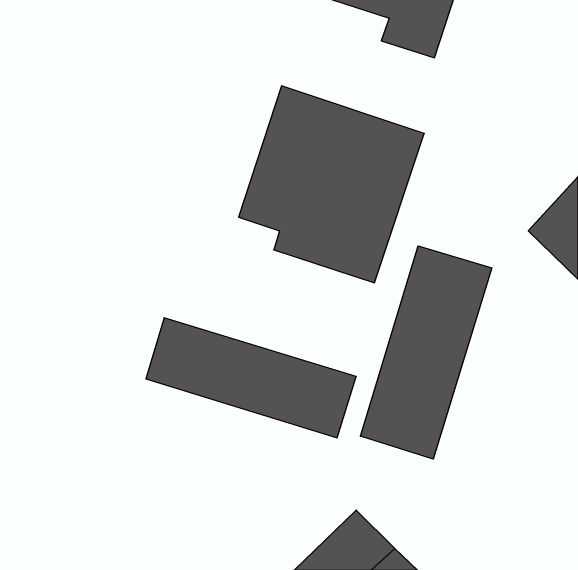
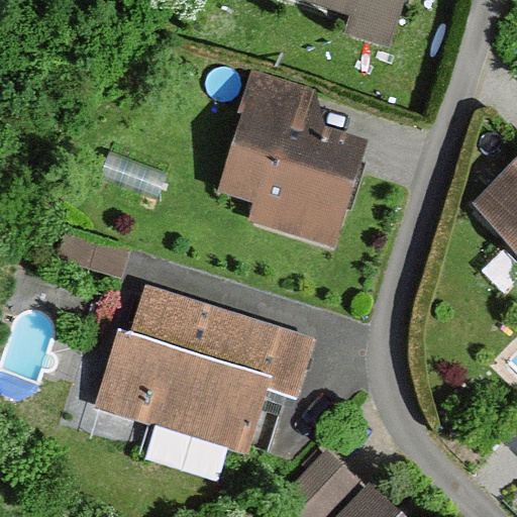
building: [360,246,492,459] -> none
building: none -> [96,335,274,454]

